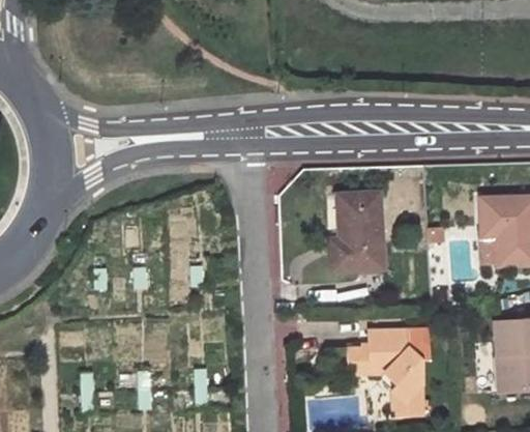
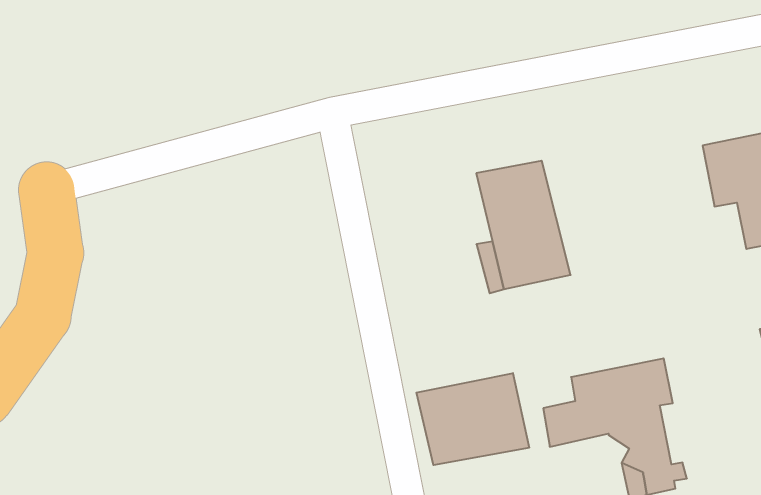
building: none -> [416,373,529,465]

